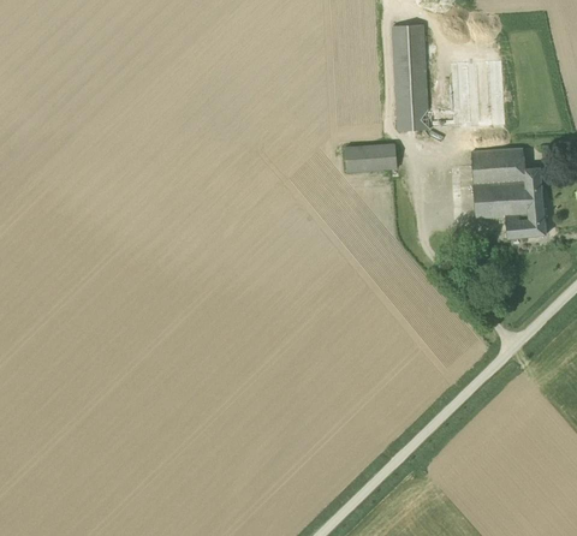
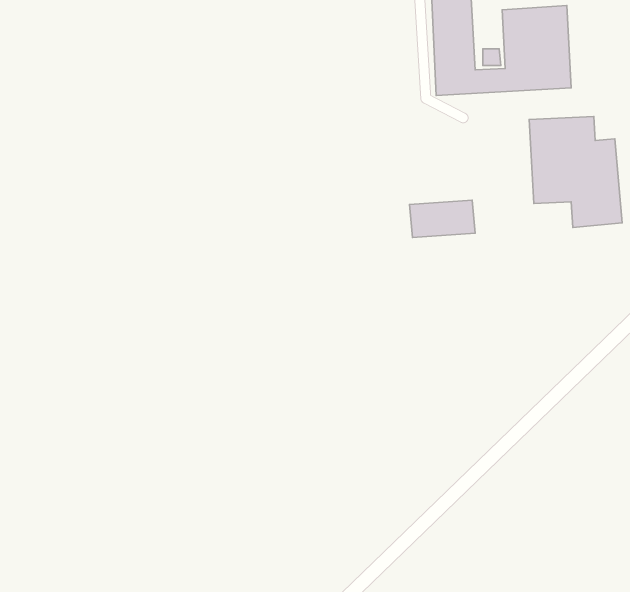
building: [344,142,397,172] -> [409,200,475,238]

